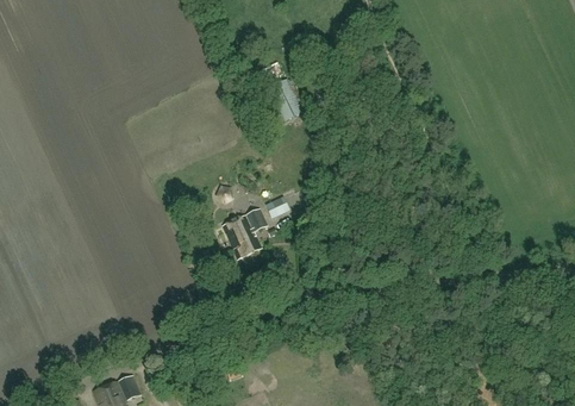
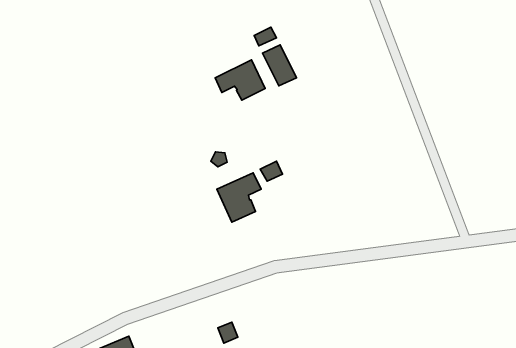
building: none -> [215,60,265,100]

